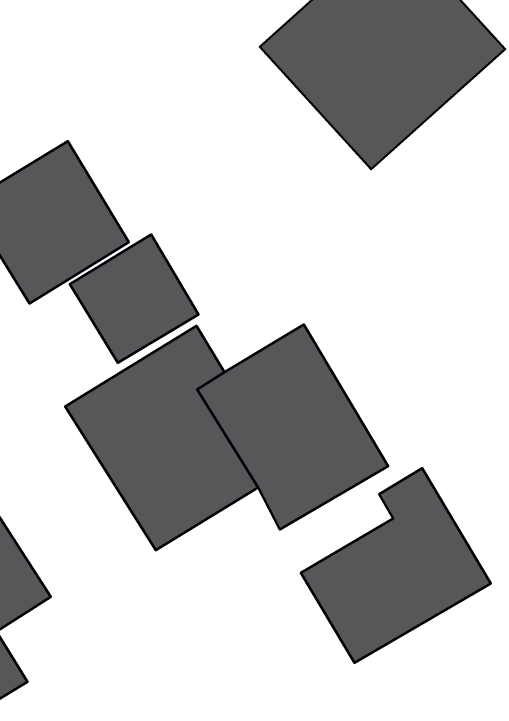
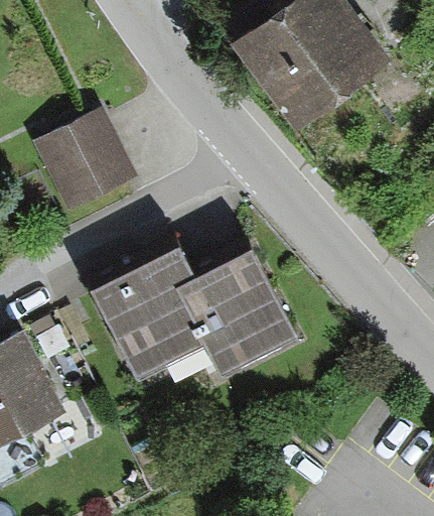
building: [70,235,198,363] -> none
building: [301,468,491,663] -> none

